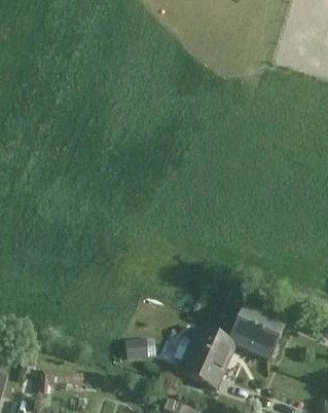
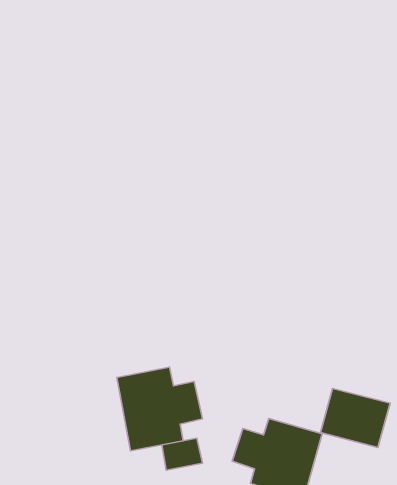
building: none -> [117,367,202,451]

